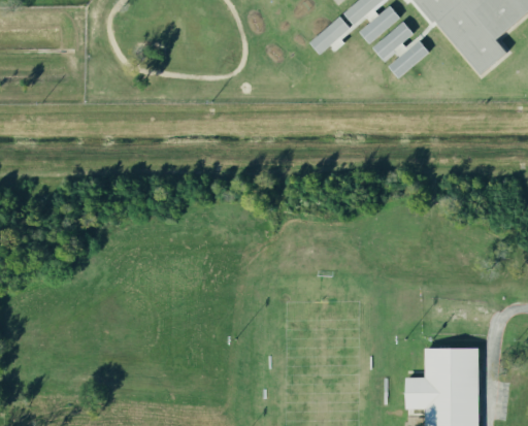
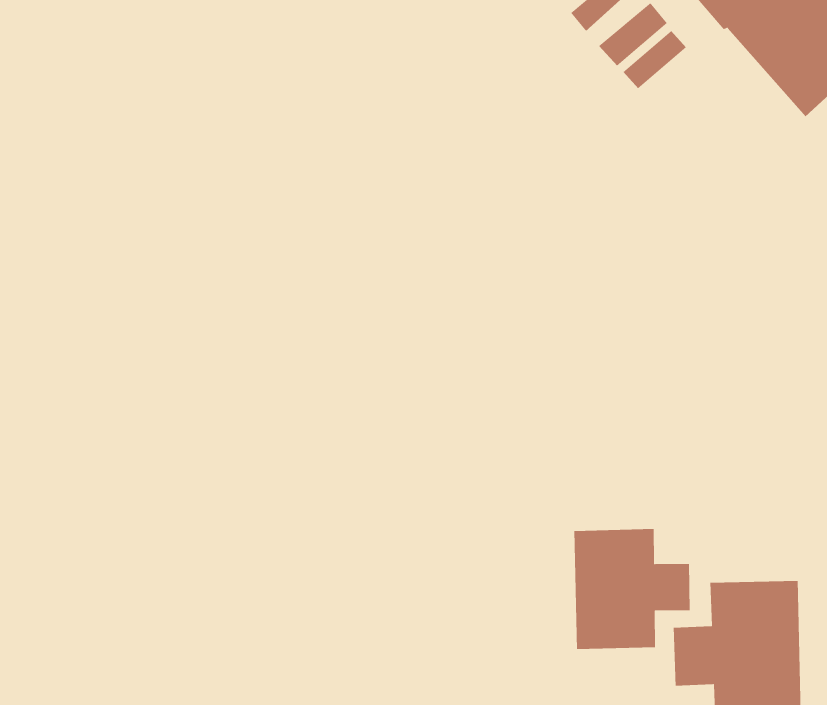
building: [308,17,349,54] -> none
building: [389,40,430,78] -> none
building: none -> [573,528,691,650]

